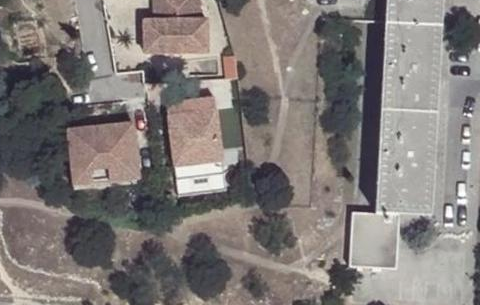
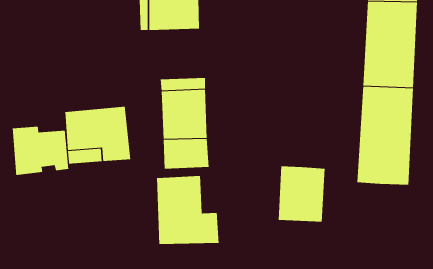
building: none -> [12,126,69,176]
building: none -> [157,175,219,245]
building: [350,208,400,267] -> [278,166,325,222]

